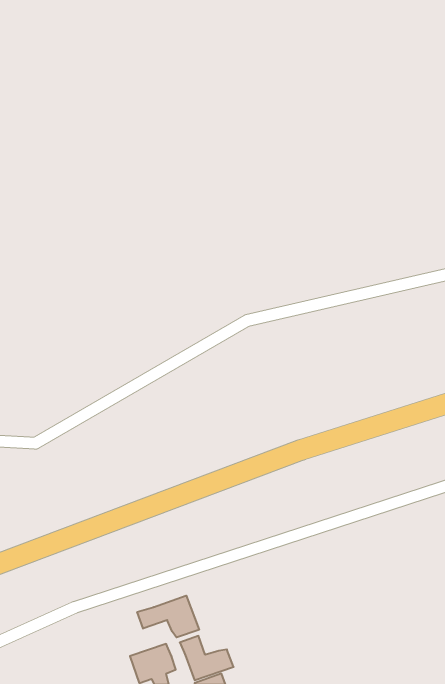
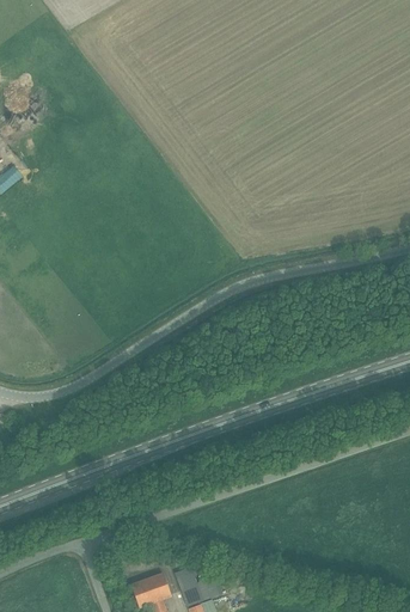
building: [137,596,199,637] -> none

